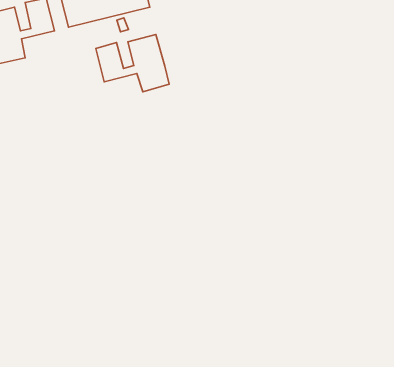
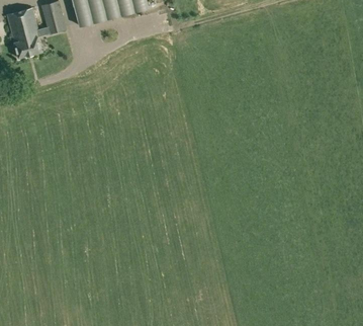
building: [96,35,169,92] -> none

